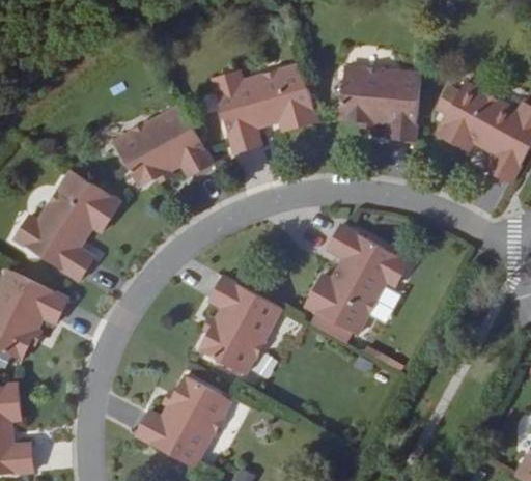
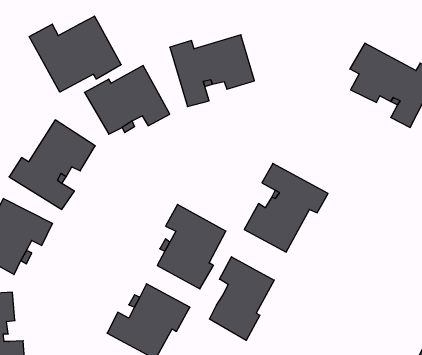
building: none -> [29,16,121,92]
building: [339,60,420,141] -> none
building: none -> [209,257,274,340]

